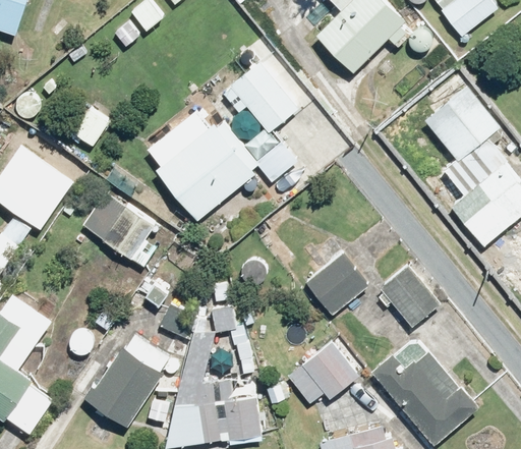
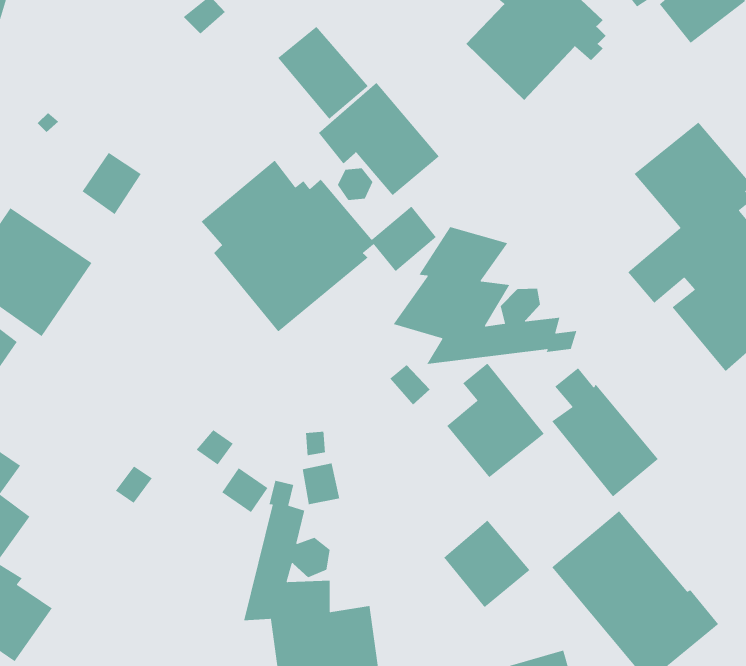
building: none -> [277,26,369,120]
building: none -> [392,226,578,365]
building: [83,194,158,270] -> none
building: [83,331,171,428] -> none

